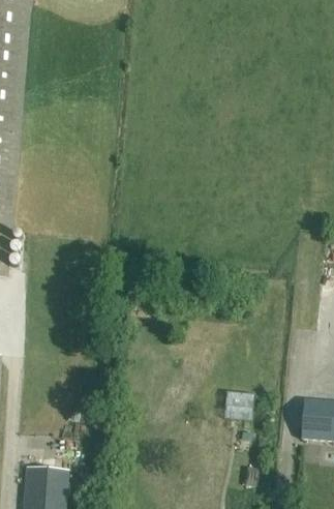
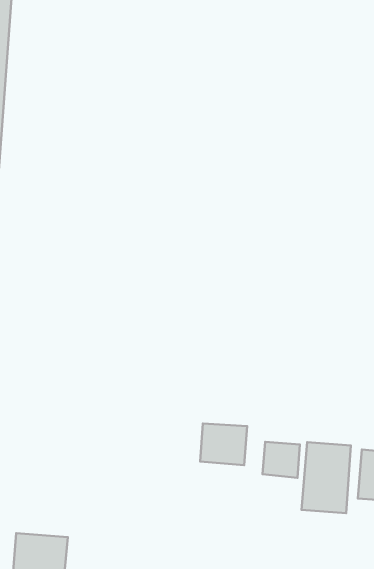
building: none -> [200,423,247,465]
building: none -> [301,442,351,513]

